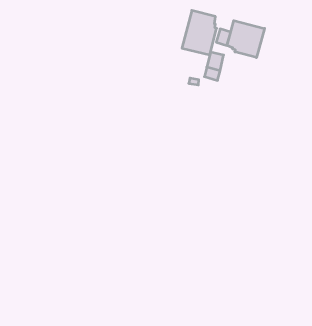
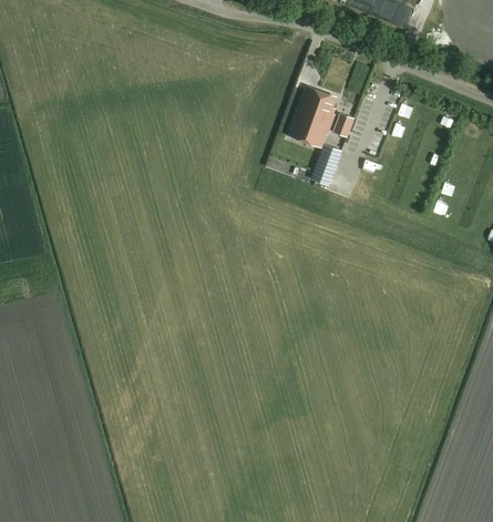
building: [227,21,265,58] -> none

